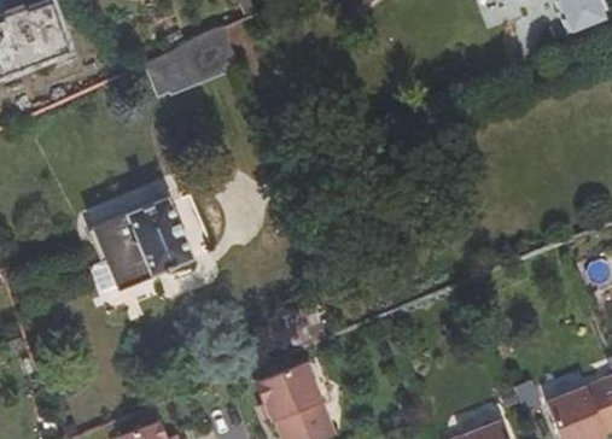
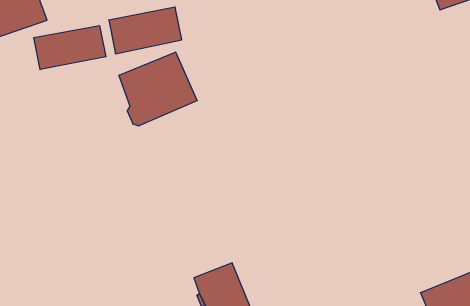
building: none -> [34,26,106,70]
building: [91,193,192,288] -> [119,52,197,126]

